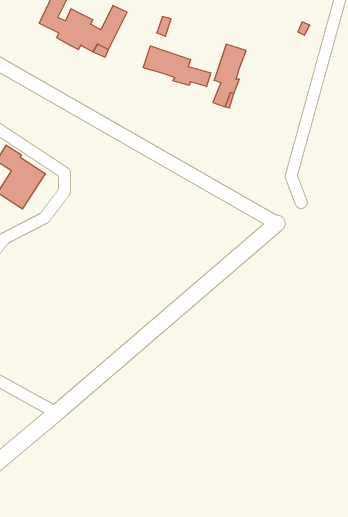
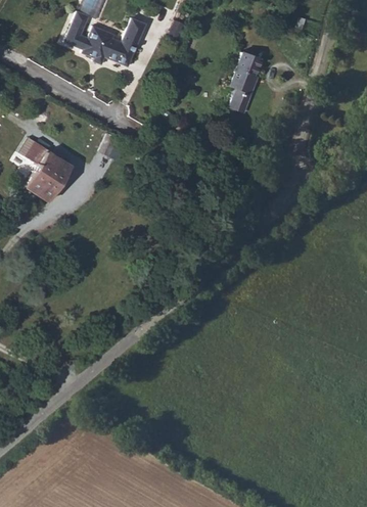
building: [143,46,211,86] -> none

